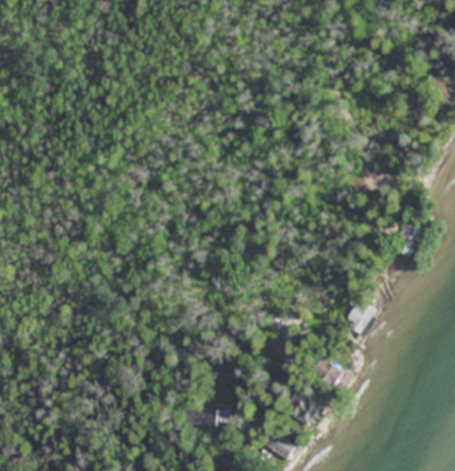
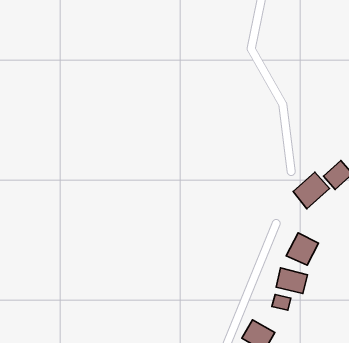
building: none -> [293,172,330,209]
building: none -> [276,268,308,293]

